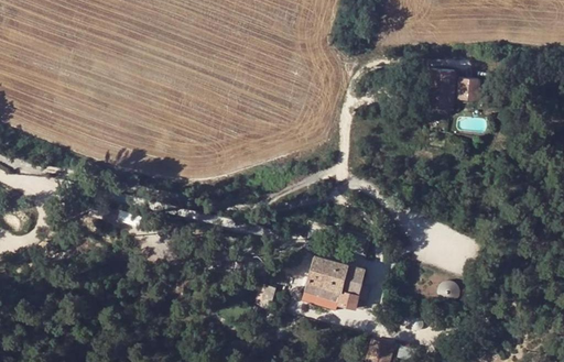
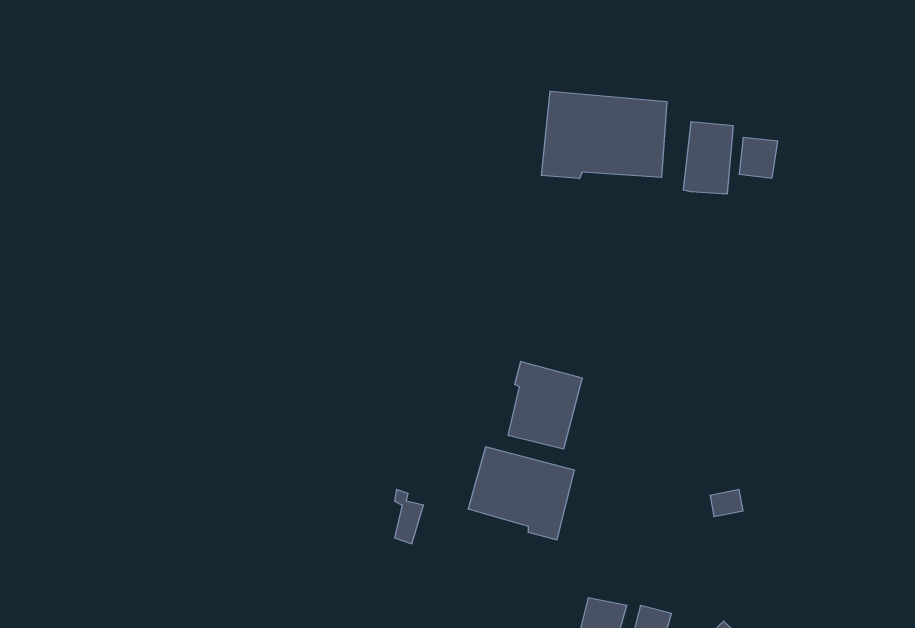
building: none -> [541,91,667,179]
building: none -> [508,361,582,449]

